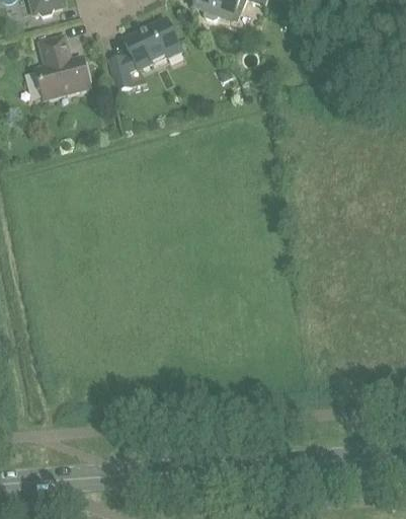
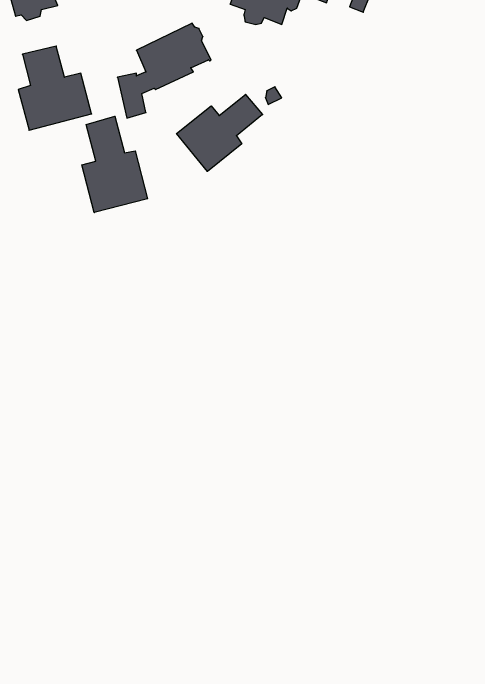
building: none -> [177,94,263,171]
building: none -> [82,116,148,213]

